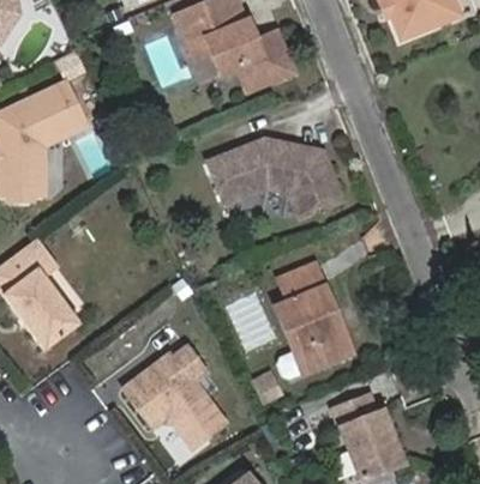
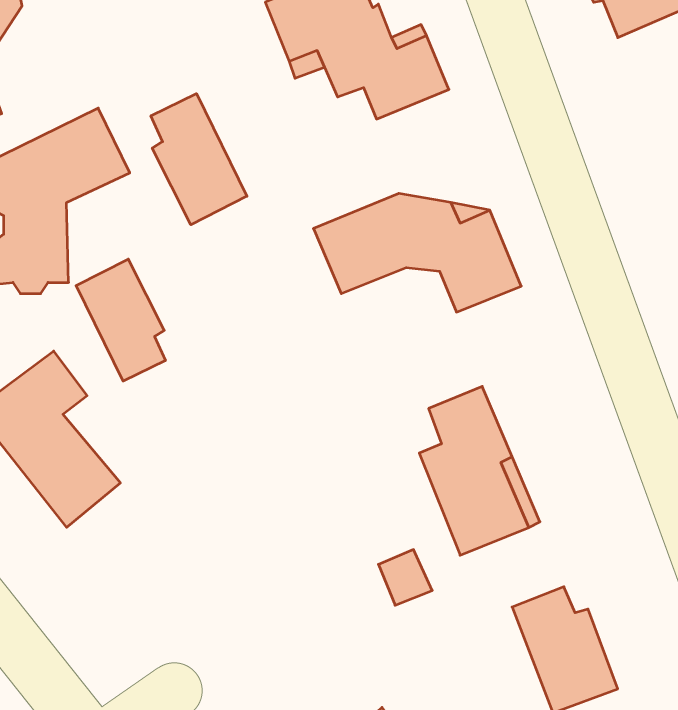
building: none -> [151,94,247,225]
building: none -> [76,259,165,381]
building: [124,349,227,452] -> none

